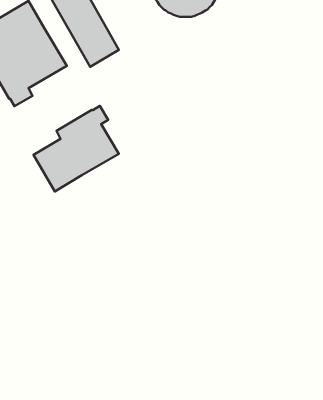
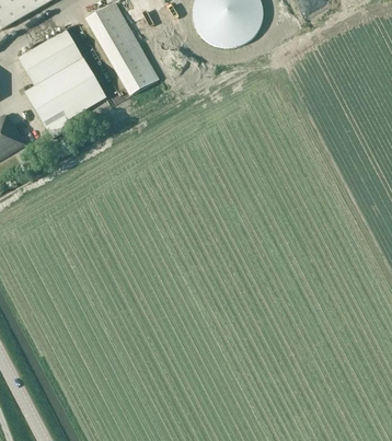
building: [33,106,119,191] -> none

